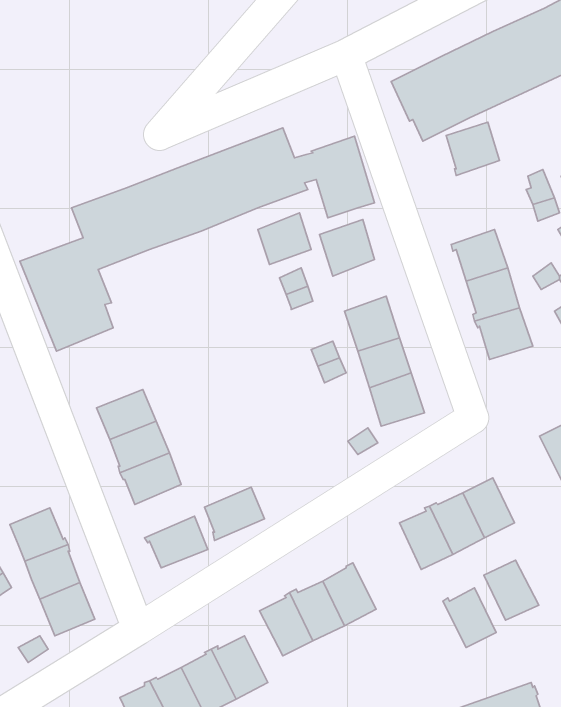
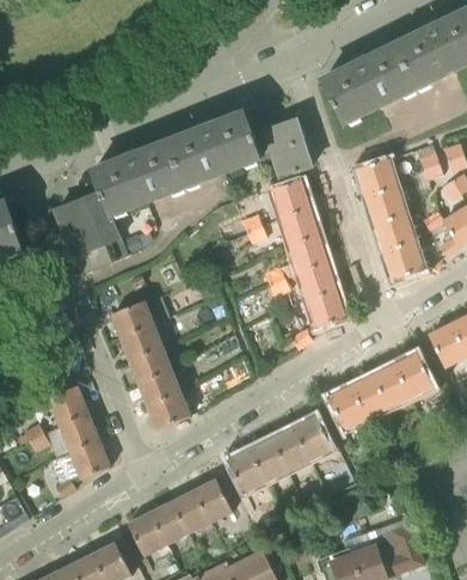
building: [446,122,499,175] -> [357,159,395,197]
building: [258,213,311,265] -> [279,208,318,245]
building: [205,487,265,540] -> [137,370,180,408]
building: [484,560,539,620] -> [394,354,434,397]
building: [443,588,496,648] -> [294,416,332,459]

